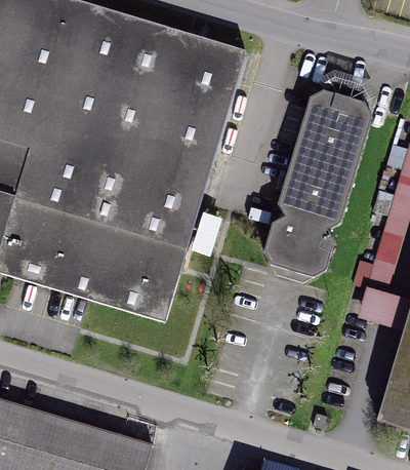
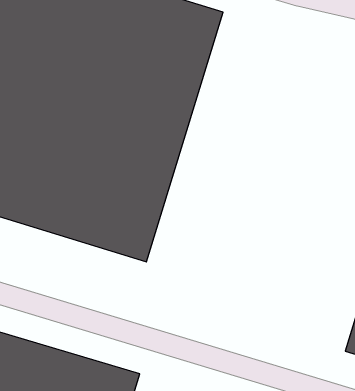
building: [262,88,376,278] -> none

